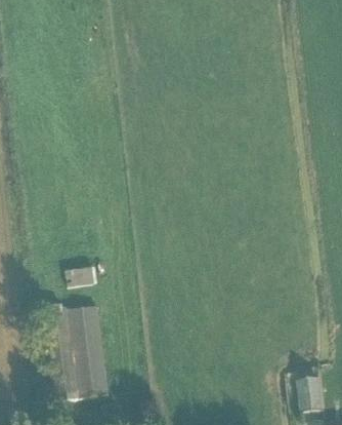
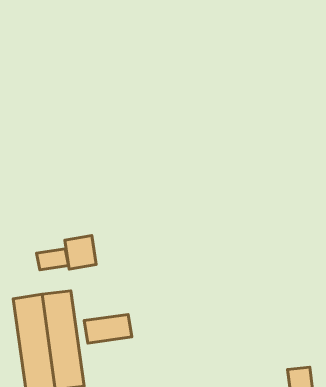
building: none -> [65,235,96,269]
building: none -> [84,315,132,343]

